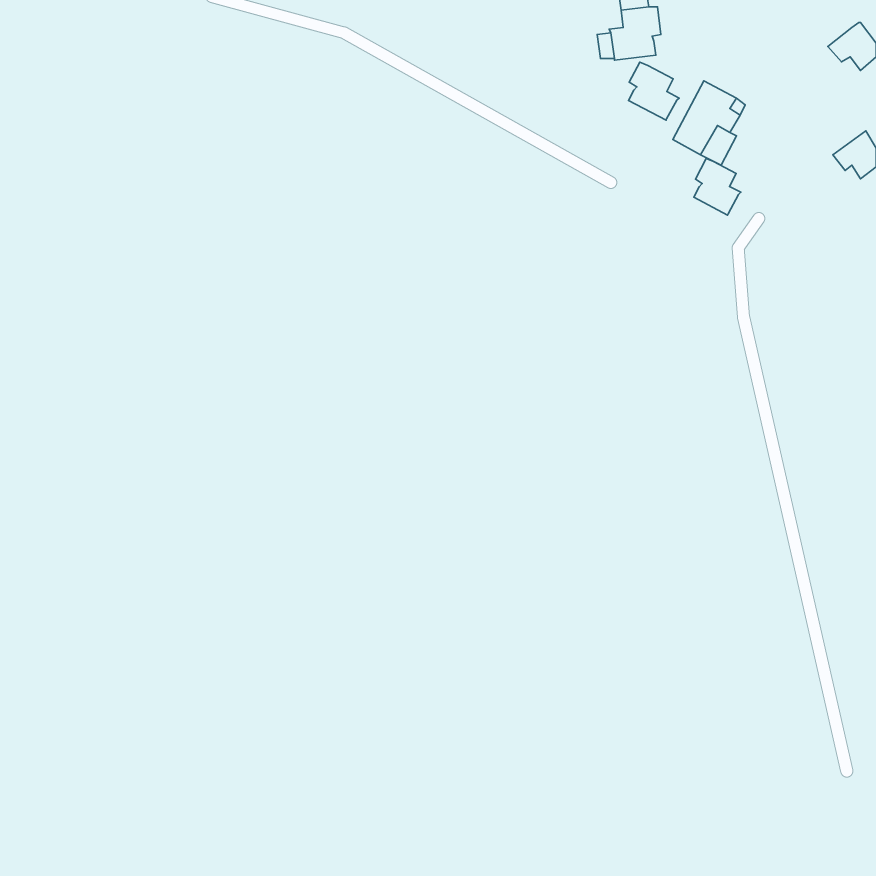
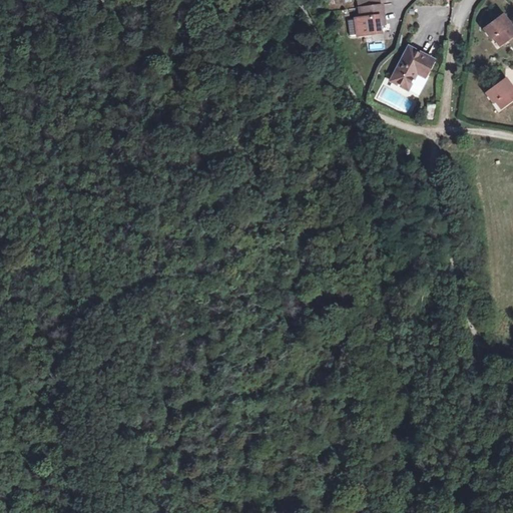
building: [628,62,679,120] -> none
building: [694,159,741,215] -> none

